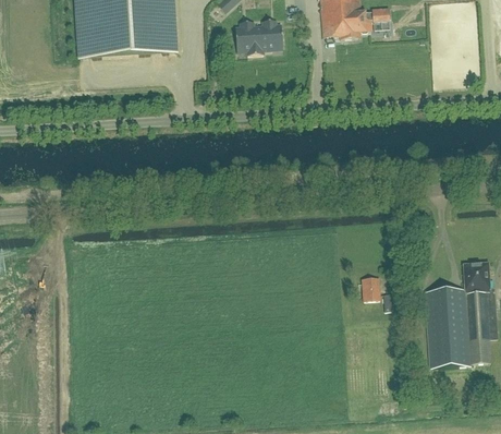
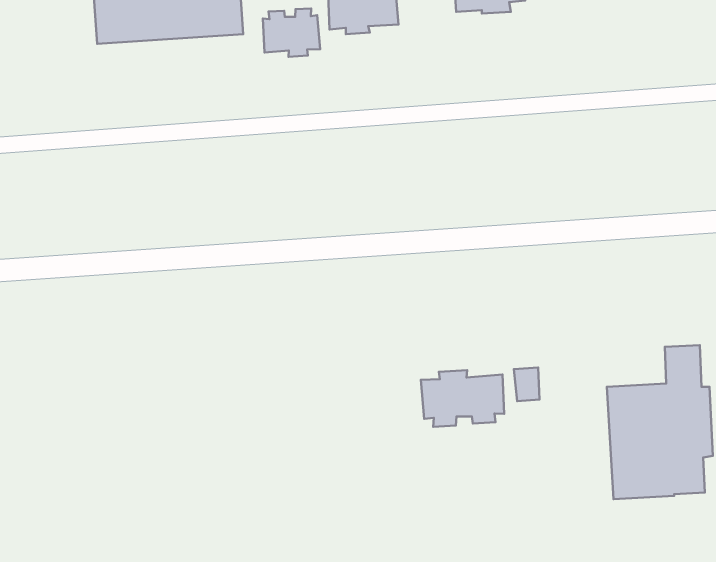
building: none -> [263,8,320,57]
building: none -> [421,370,504,427]

